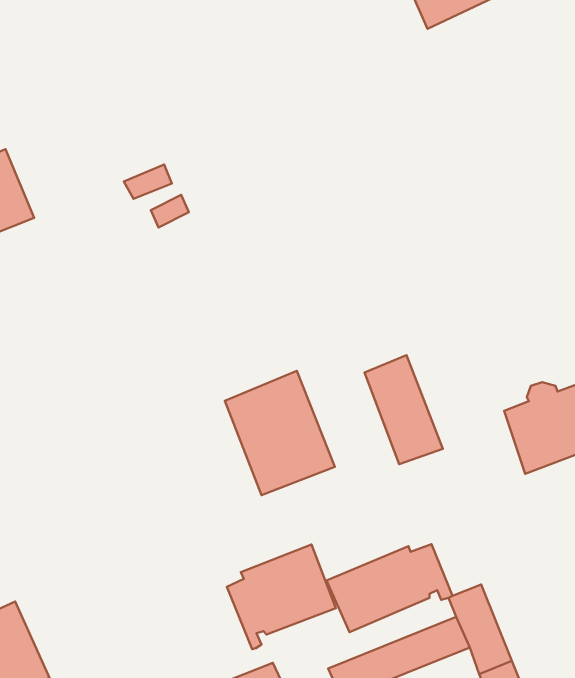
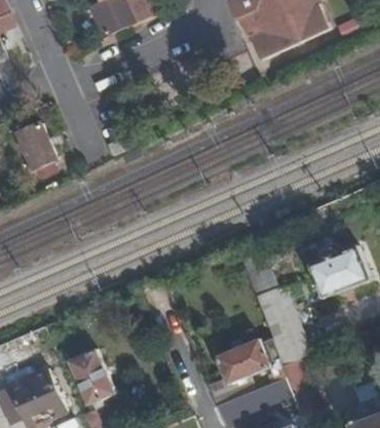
building: [225,371,335,495] -> none
building: [227,544,336,649] -> none
building: none -> [66,348,113,404]

